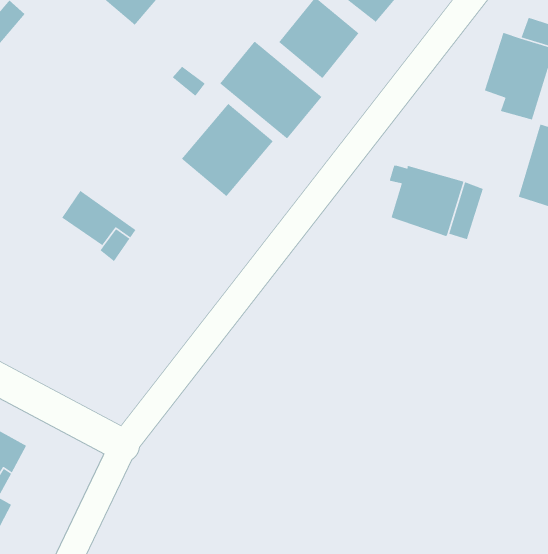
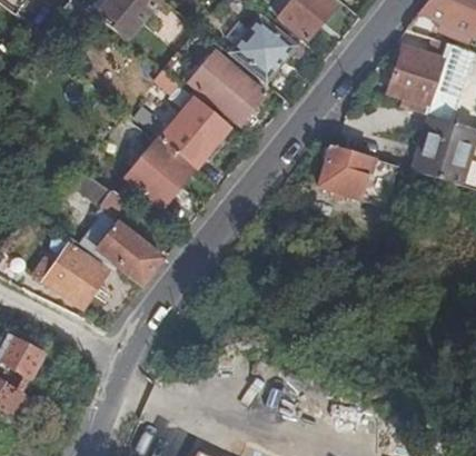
building: none -> [125,141,190,207]
building: none -> [80,217,163,285]
building: none -> [43,246,105,307]

